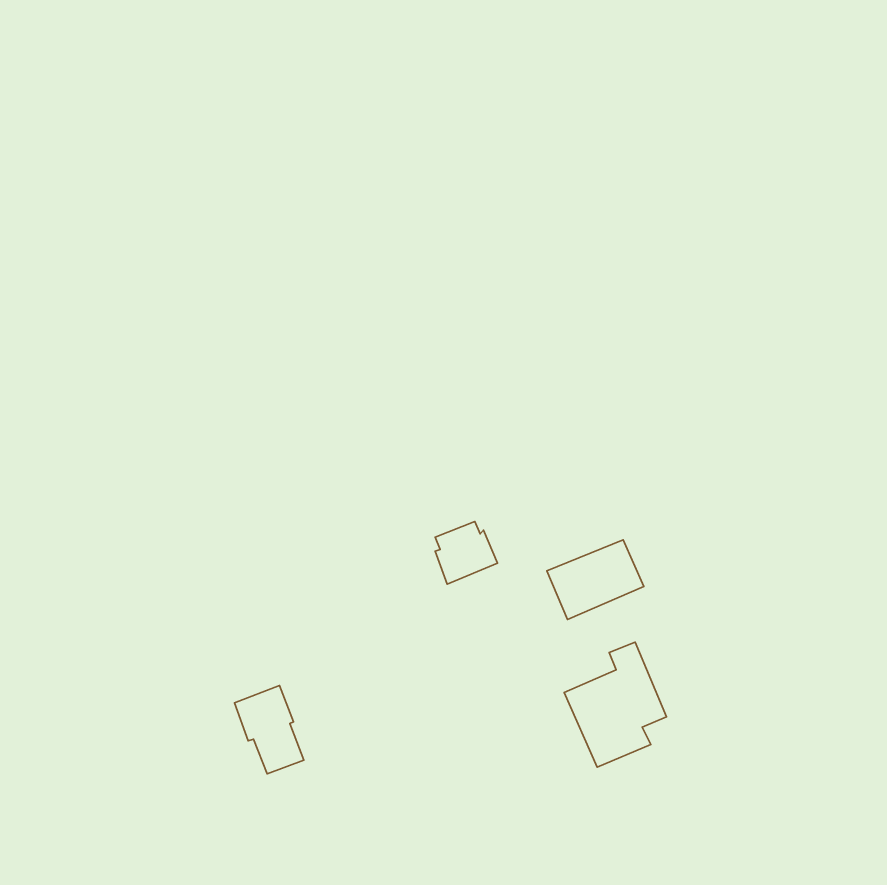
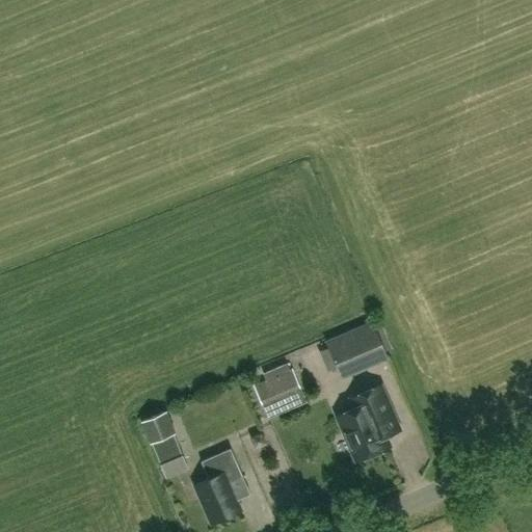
building: [435,522,498,584] -> [263,365,300,402]
building: none -> [195,449,243,524]

